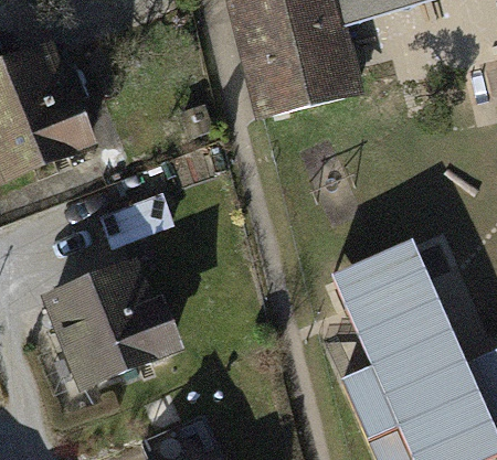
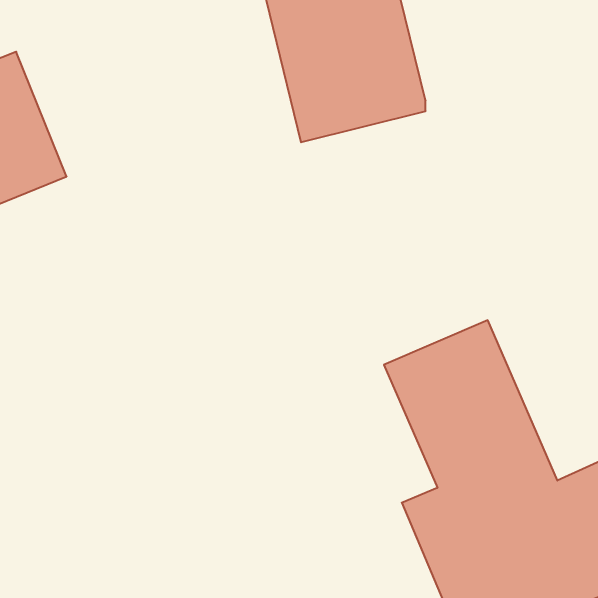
building: [53,263,173,386] -> none

